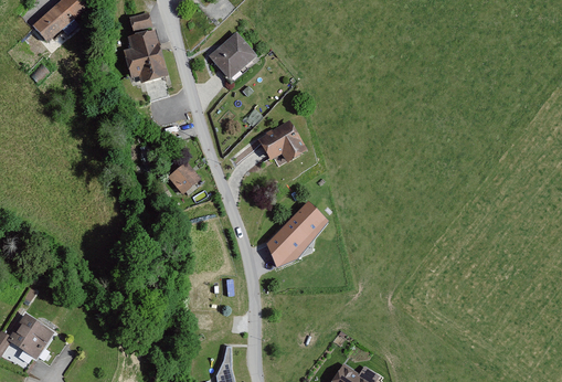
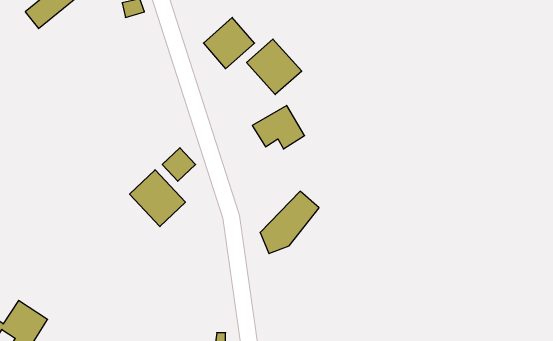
building: [120,29,167,86] -> none
building: none -> [247,39,302,95]
building: none -> [130,170,185,227]

